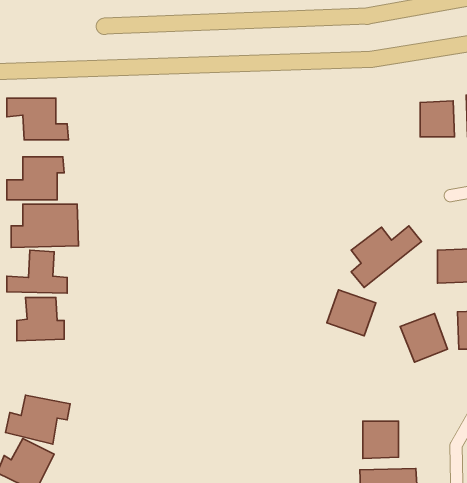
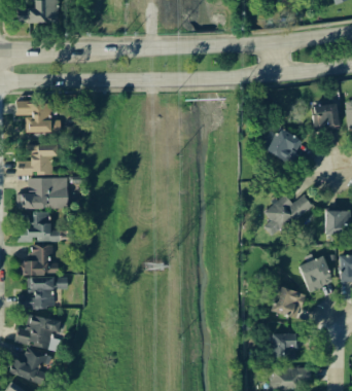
building: none -> [267,128,303,164]
building: [327,290,376,336] -> [271,286,306,319]
building: none -> [19,277,68,309]

